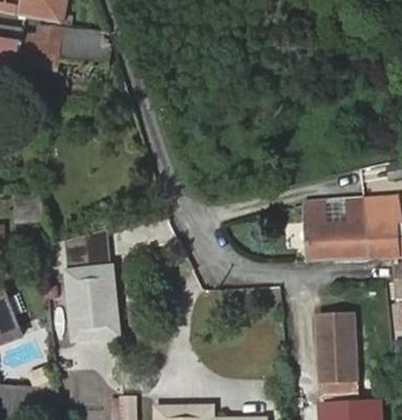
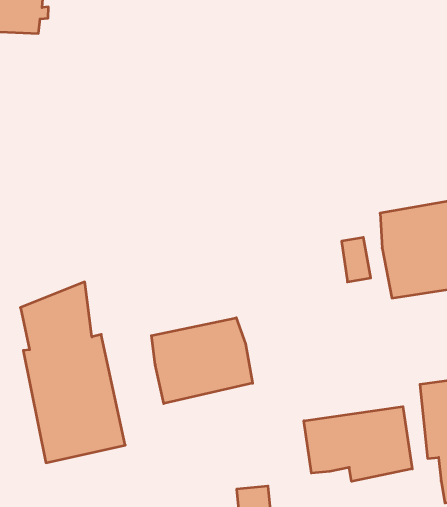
building: none -> [151,318,253,404]
building: none -> [304,407,412,481]

